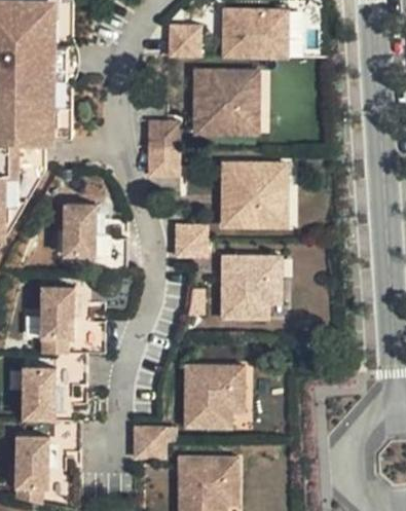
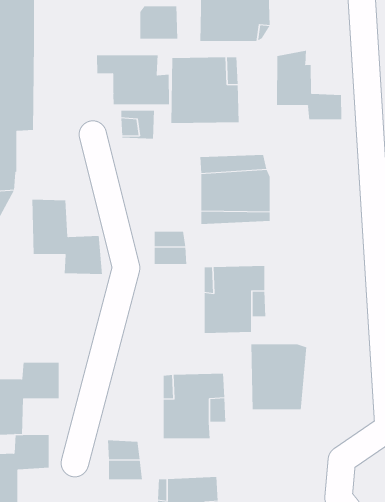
building: none -> [277,50,342,120]
building: none -> [97,55,170,105]
building: [145,144,175,176] -> none
building: [40,283,105,352] -> none
building: none -> [251,344,307,410]

